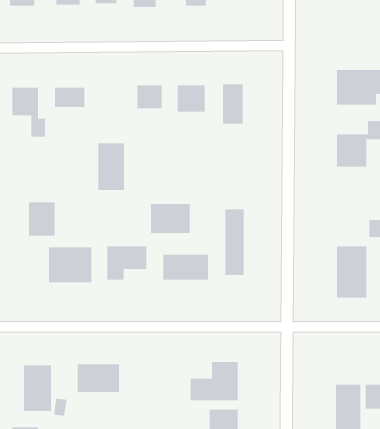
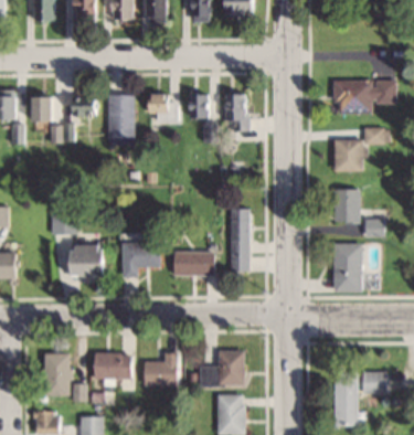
building: [97,143,125,190] -> [110,94,136,138]
building: none -> [335,189,360,223]
building: [150,203,190,234] -> none
building: none -> [144,352,178,384]

